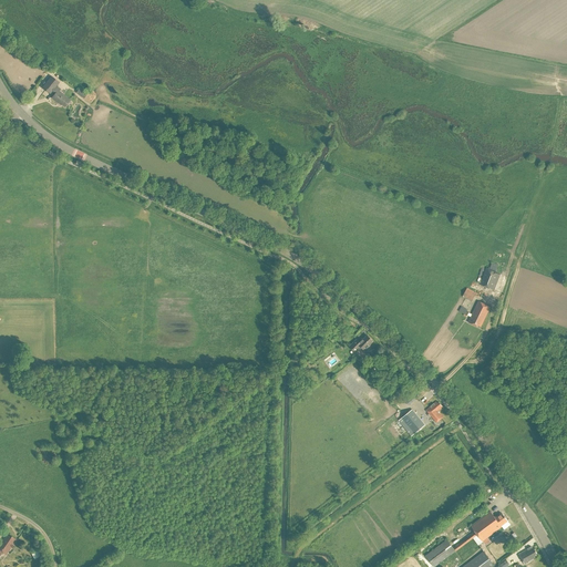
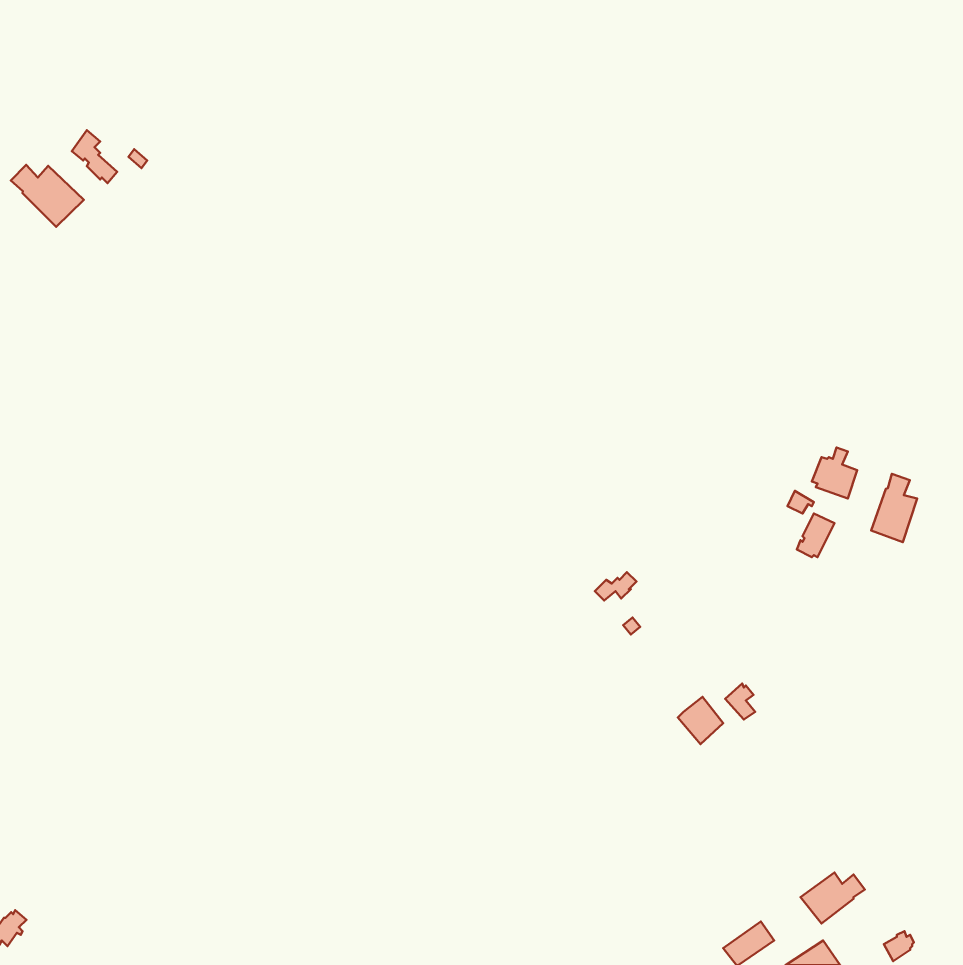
building: none -> [11,165,84,227]
building: none -> [871,474,917,542]

